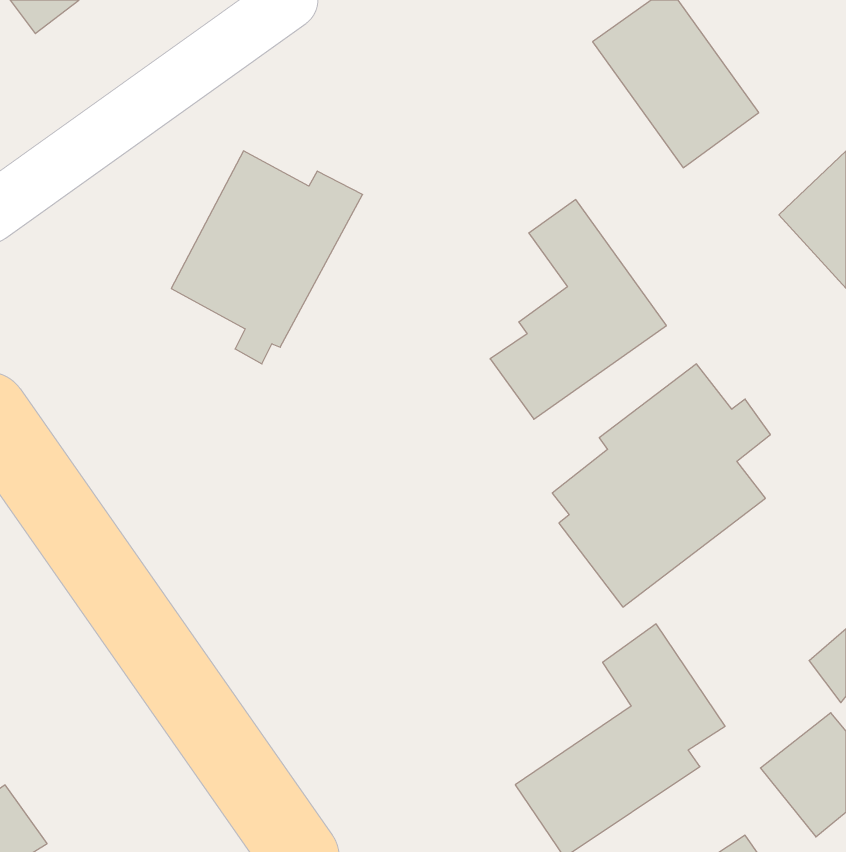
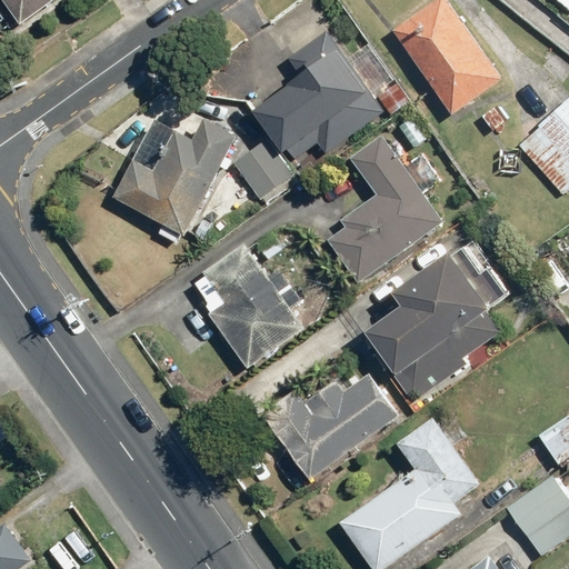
building: none -> [253,27,410,161]
building: none -> [230,137,296,204]
building: none -> [191,242,308,371]
building: none -> [263,373,399,479]

